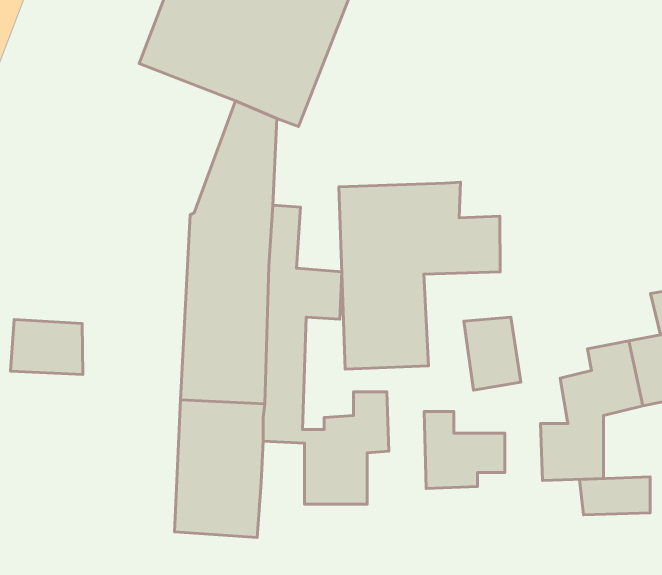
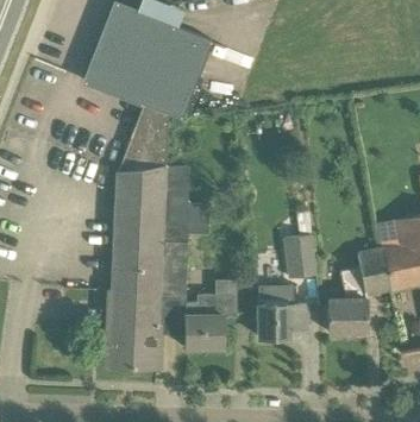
building: [339,182,500,369] -> none
building: [11,320,83,374] -> none
building: [580,477,650,515] -> none

